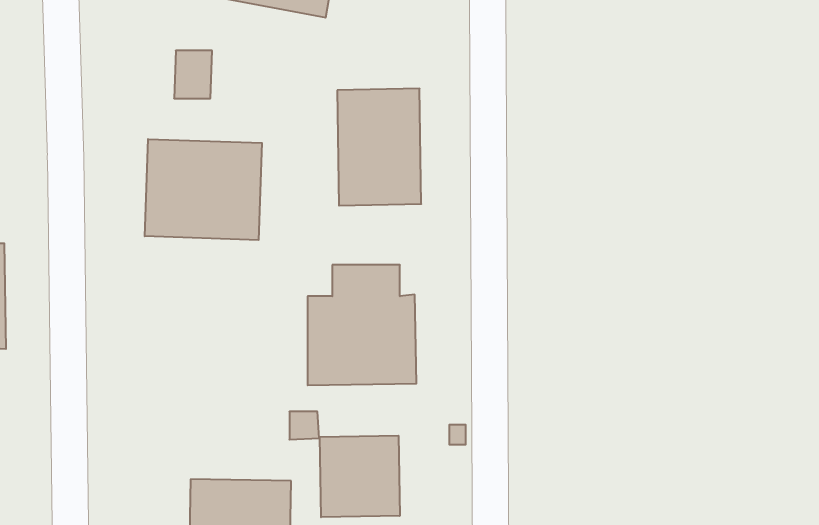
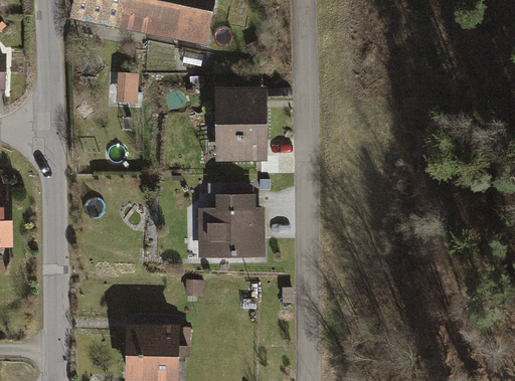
building: [145,139,262,240] -> none
building: [320,436,400,517] -> none

